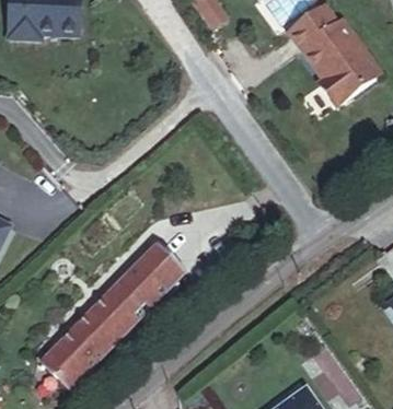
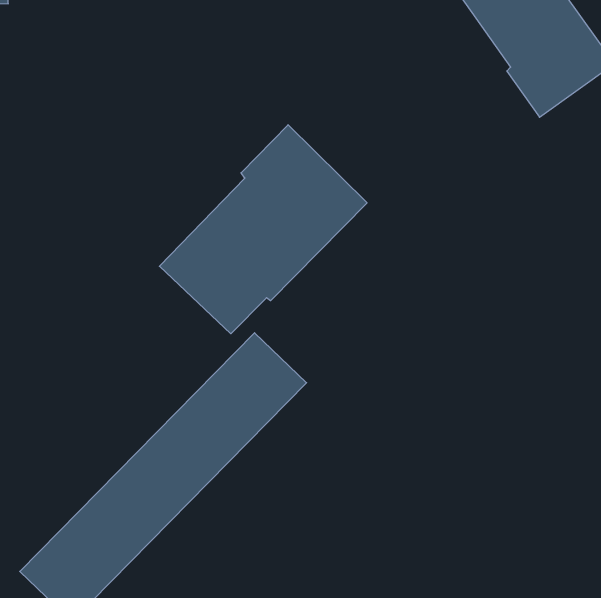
building: none -> [159,125,367,334]

